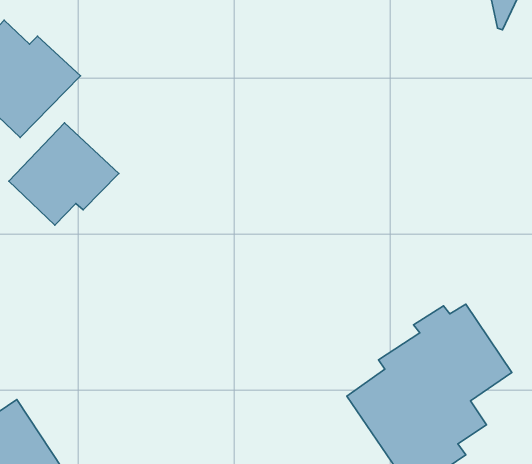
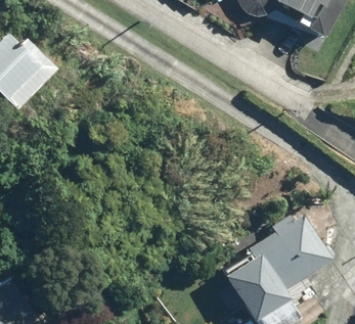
building: [9,123,119,225] -> none

